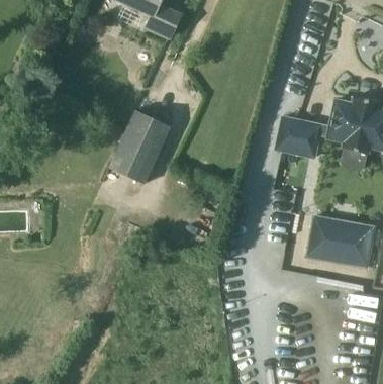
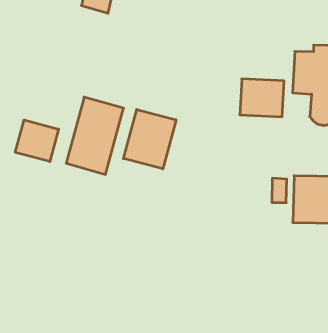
building: none -> [15,120,59,162]
building: none -> [123,109,176,169]

